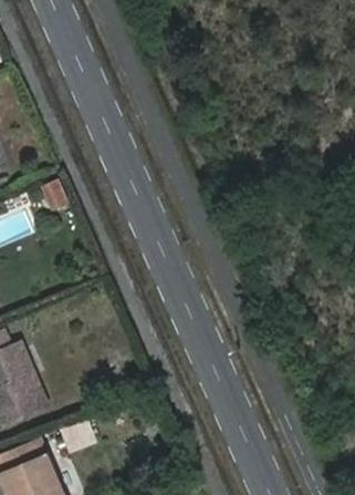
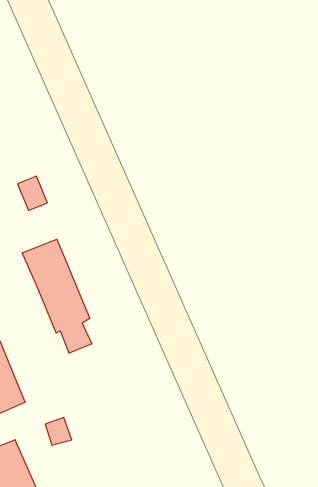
building: none -> [22,239,92,353]

